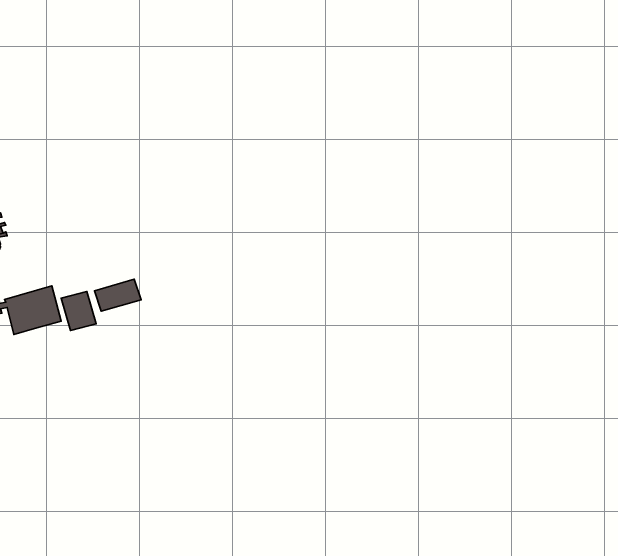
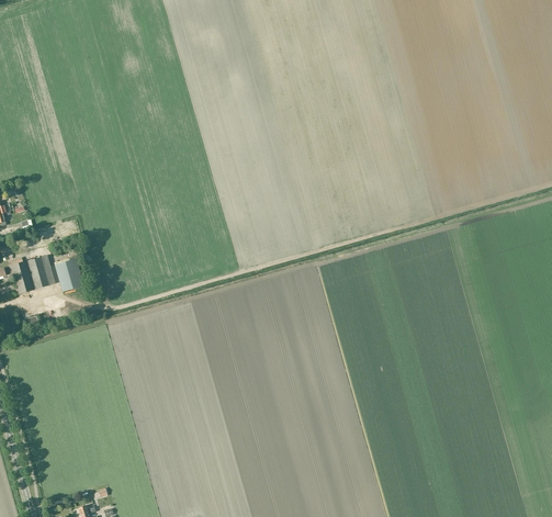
building: [94,279,141,311] -> none

